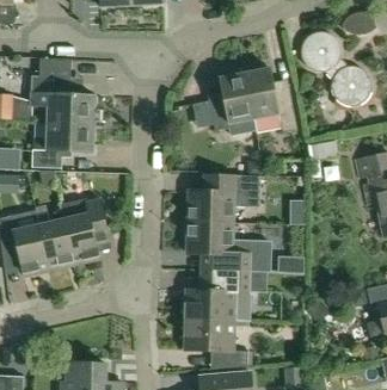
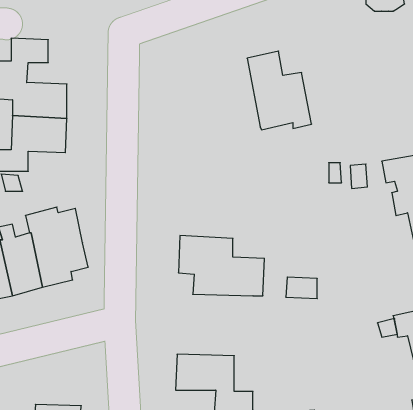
building: [301,31,371,106] -> none
building: [209,73,254,135] -> none
building: [188,173,259,223] -> none
building: [185,270,248,321] -> none

